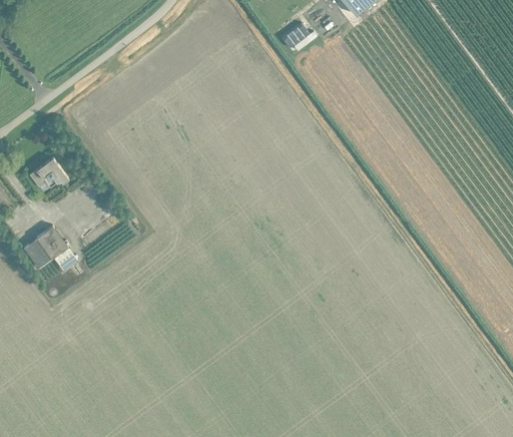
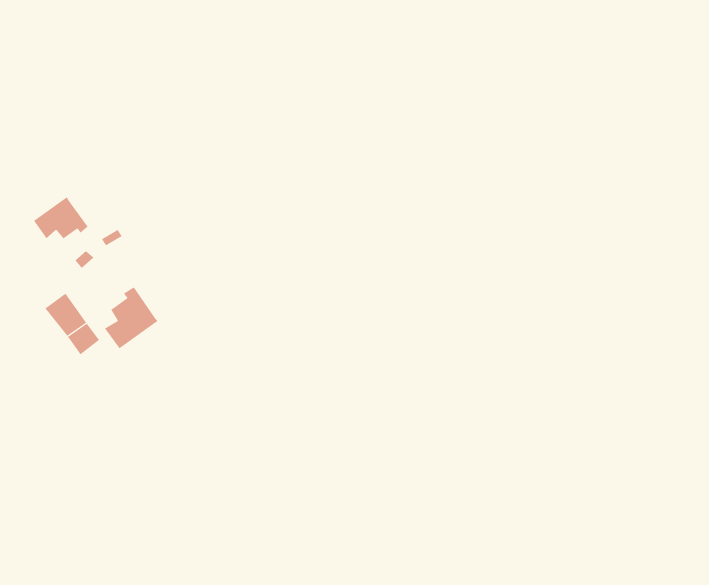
building: none -> [104,287,158,349]
building: [24,238,54,269] -> none

